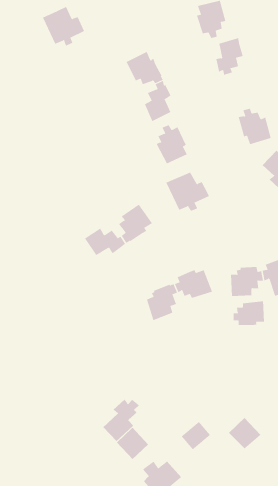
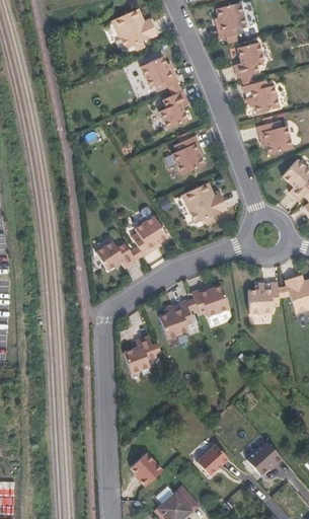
building: [42,6,85,47] -> [111,8,156,51]
building: none -> [242,78,279,113]
building: [233,301,264,326] -> none
building: none -> [125,336,162,372]
building: [103,399,140,442] -> none

